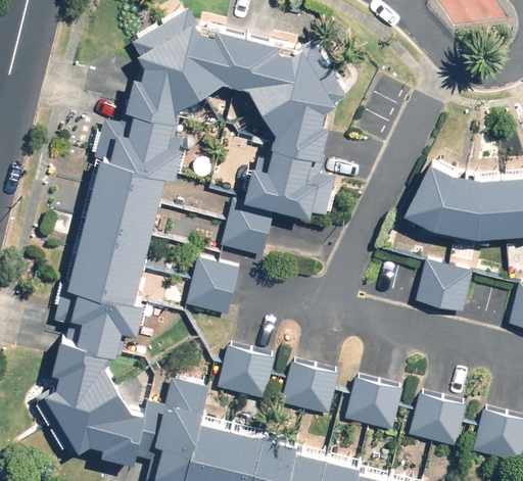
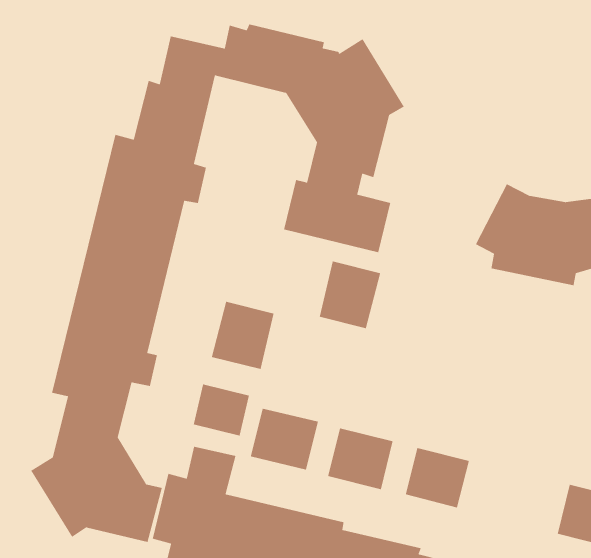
building: [222,199,274,256] -> [319,261,381,329]
building: [415,259,472,311] -> none
building: none -> [193,384,250,436]
building: [411,396,464,446] -> none

